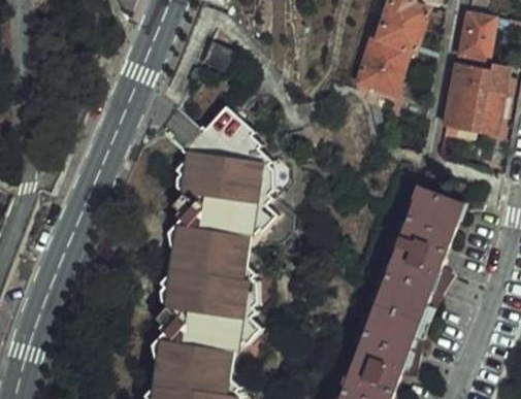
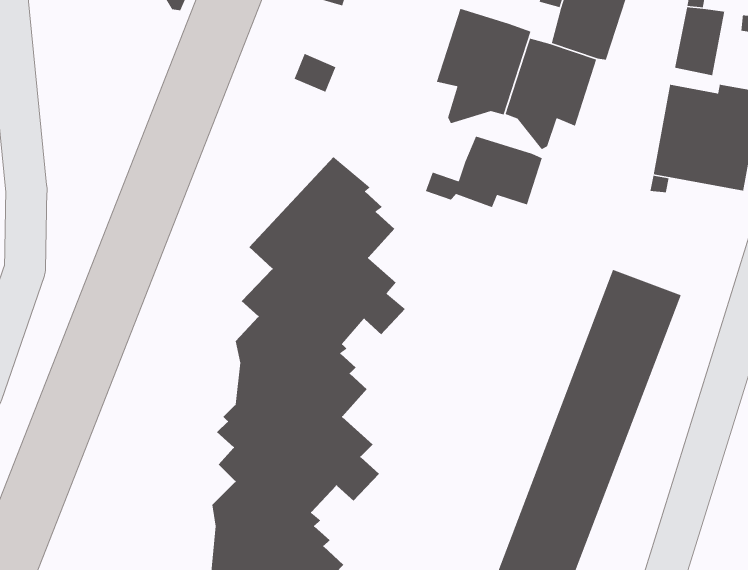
building: none -> [436,8,531,124]
building: none -> [425,135,543,208]

